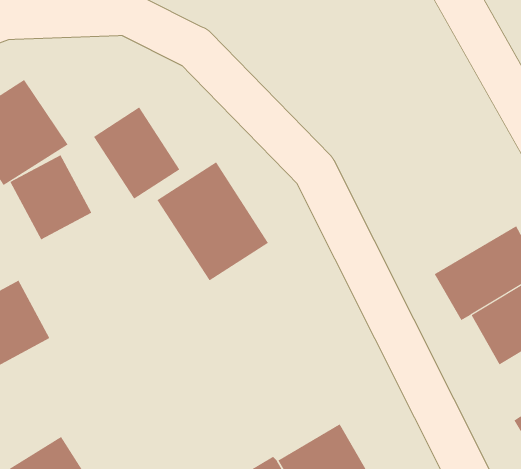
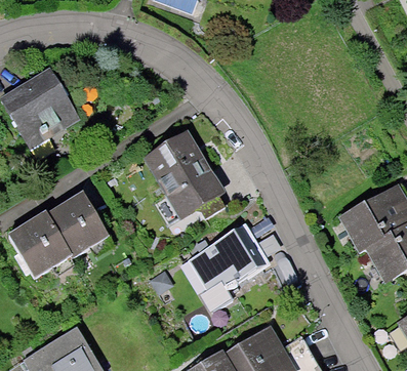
building: [93,107,180,200] -> none
building: [10,155,92,240] -> [43,198,103,259]
building: none -> [191,223,268,295]

